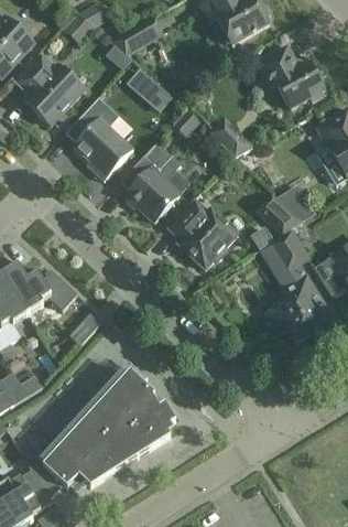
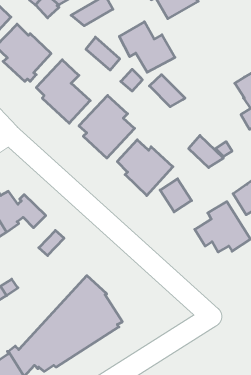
building: [253,43,324,107] -> [119,22,175,72]
building: [267,228,306,270] -> [160,179,192,212]

